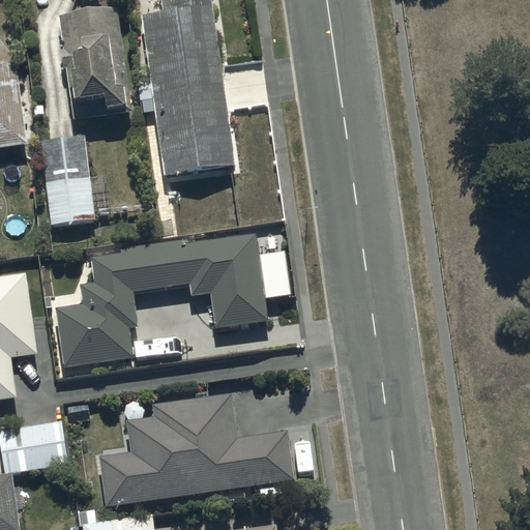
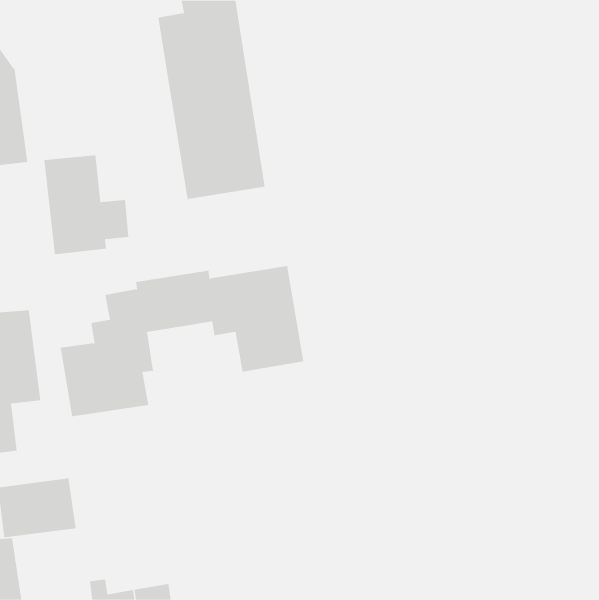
building: [57,7,129,123] -> none
building: [100,394,292,505] -> none

